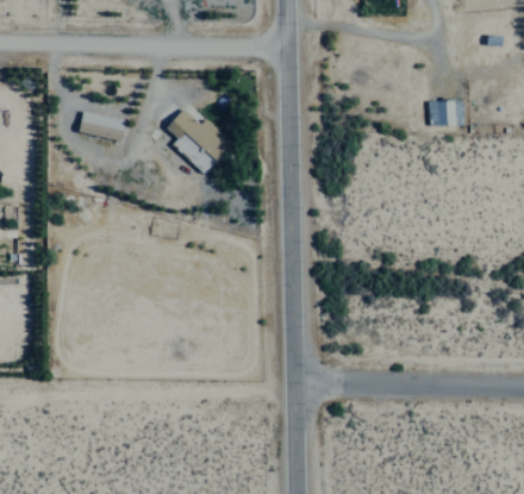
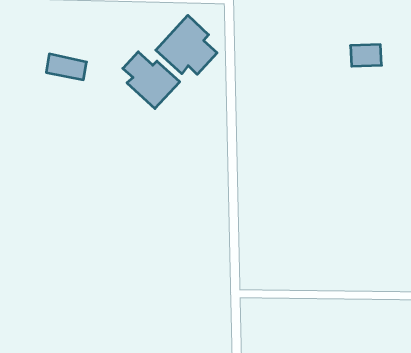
building: none -> [156,15,217,74]

